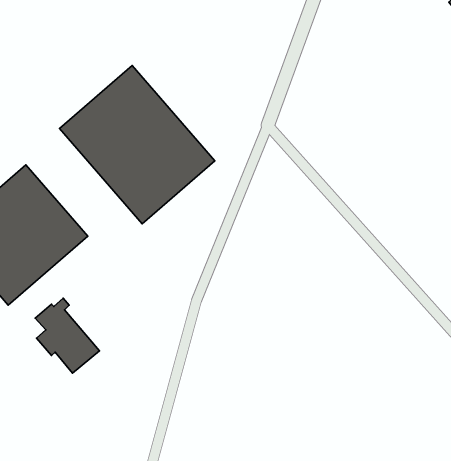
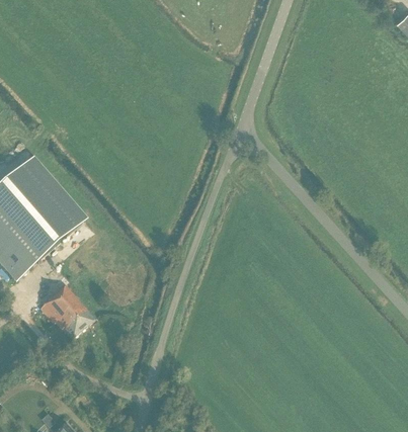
building: [59,65,215,224] -> none

